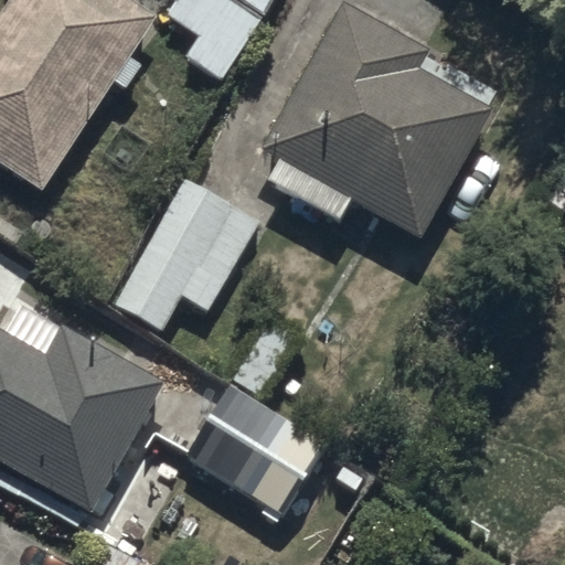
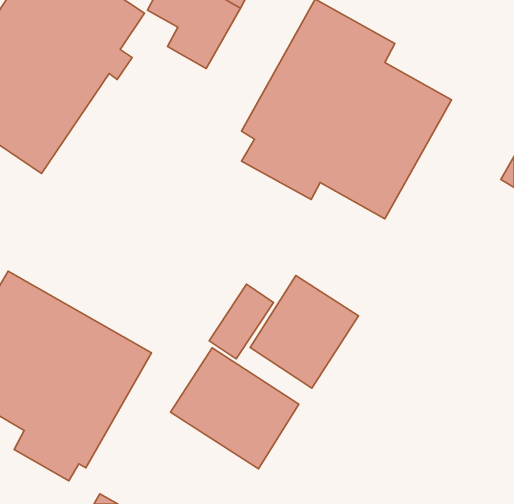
building: [110,178,257,329] -> none
building: none -> [250,275,359,388]

